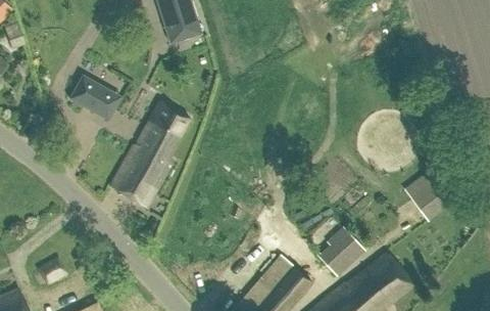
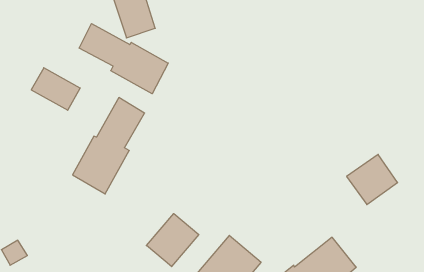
building: none -> [79,24,168,94]
building: [315,225,360,270] -> none
building: none -> [146,214,199,267]

